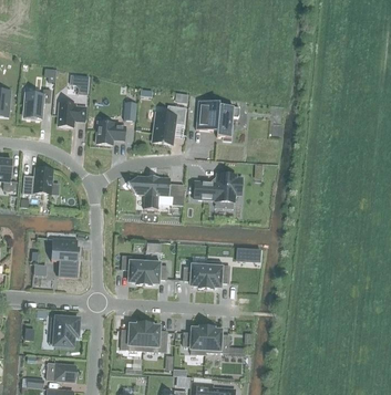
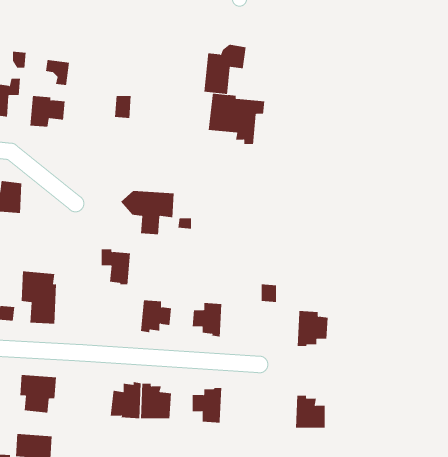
building: [153,105,186,144] -> [203,44,246,95]
building: [95,121,125,144] -> none
building: [194,173,241,208] -> none
building: [122,256,145,283] -> [101,249,131,285]
building: [205,260,229,288] -> [297,310,329,346]
building: [205,326,228,352] -> [295,395,325,428]

